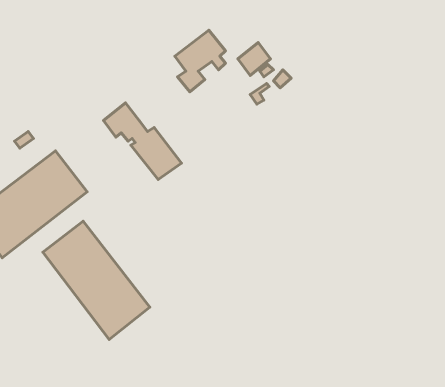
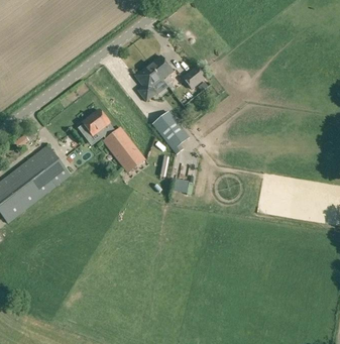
building: none -> [151,110,190,154]
building: [43,221,150,339] -> none

